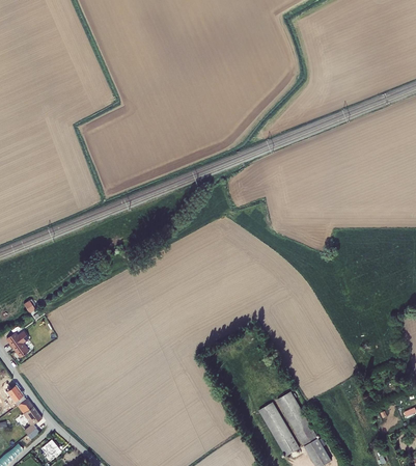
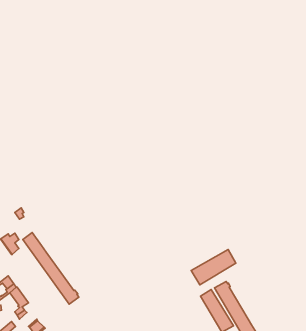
building: none -> [23,233,79,304]
building: none -> [191,249,236,285]

